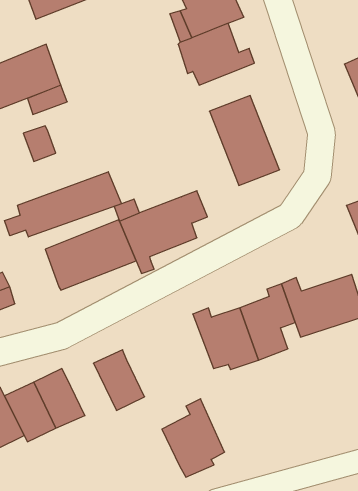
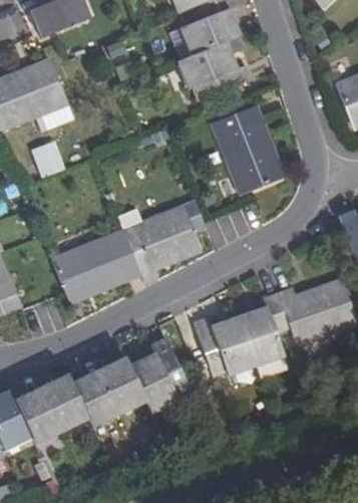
building: [4,172,121,237] -> none
building: none -> [72,366,120,424]
building: [162,399,225,477] -> [130,334,191,410]

